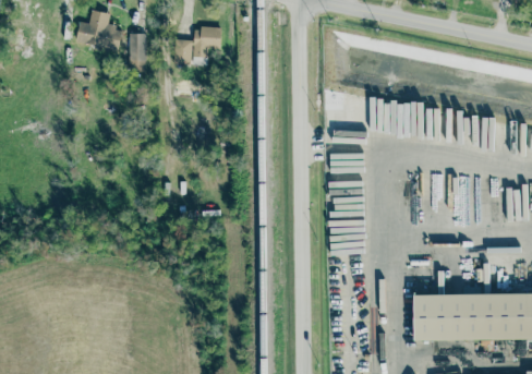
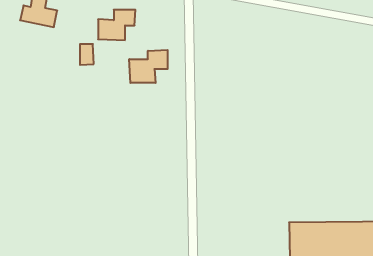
building: [129,34,146,60] -> [80,44,94,65]
building: none -> [129,50,168,83]

